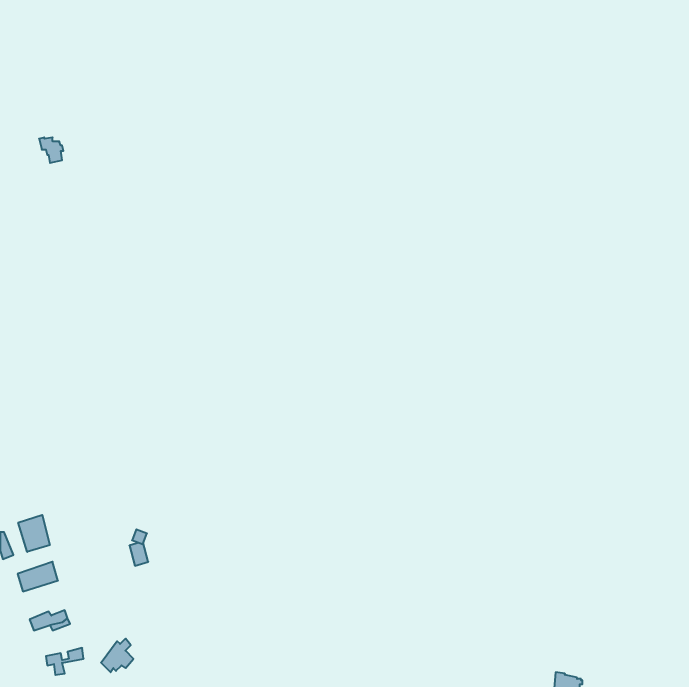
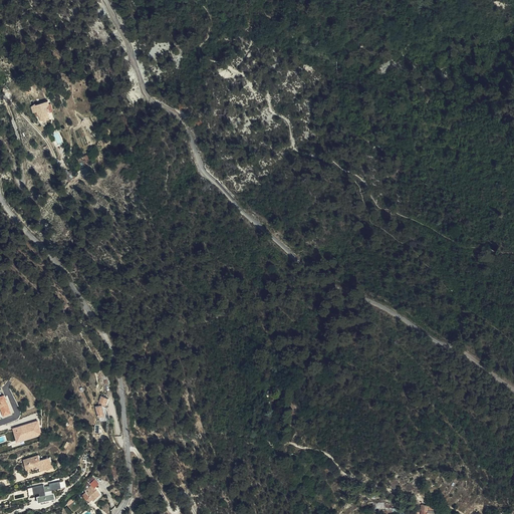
building: [18,515,50,552] -> none

